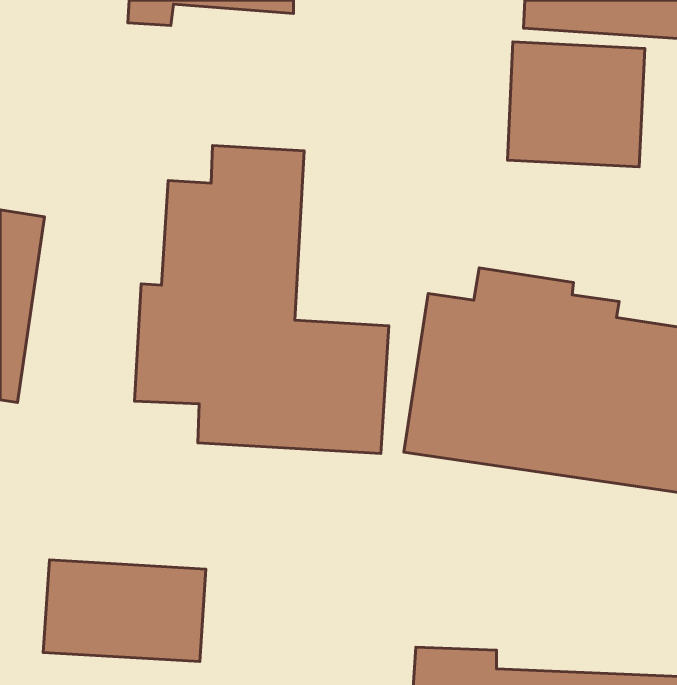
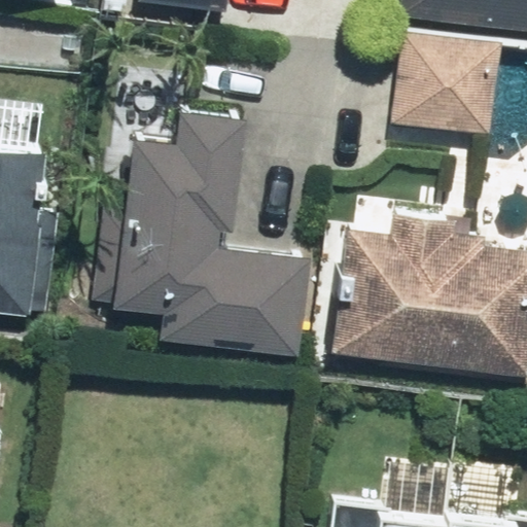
building: [43,560,206,662] -> none

